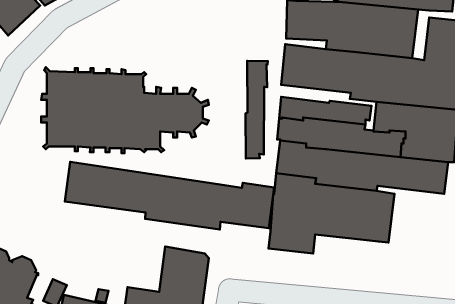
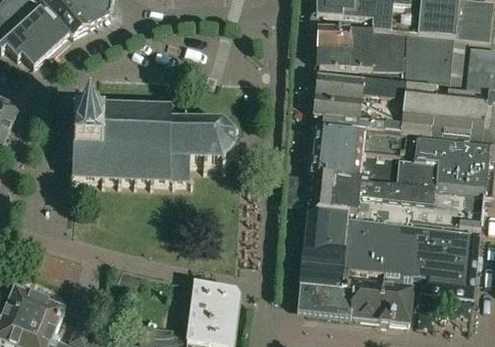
building: [246,61,268,159] -> none
building: [65,162,274,229] -> none
building: none -> [424,227,481,283]
building: none -> [298,268,414,321]

